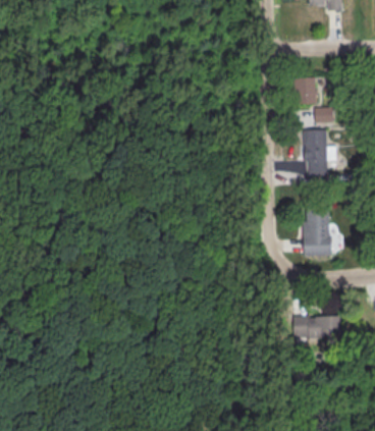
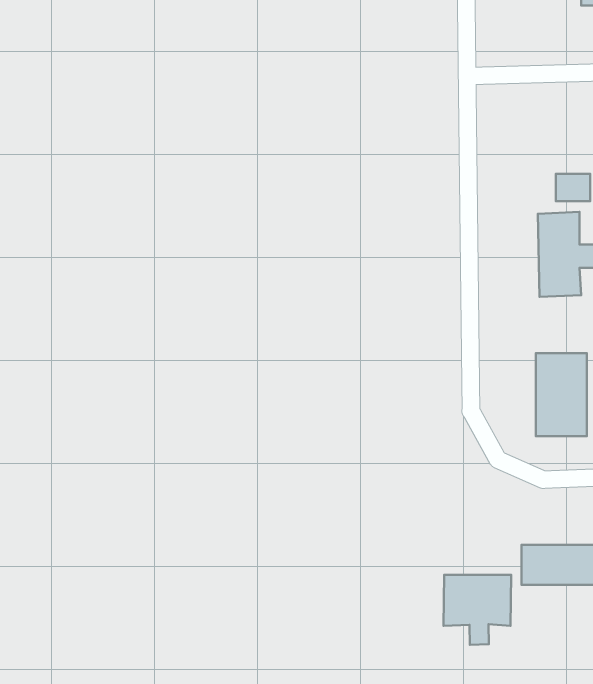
building: [298,75,317,103] -> none
building: none -> [443,575,511,645]

